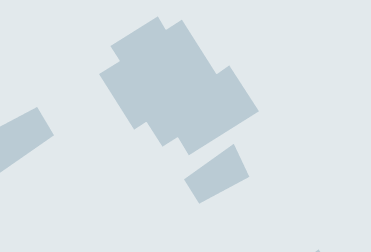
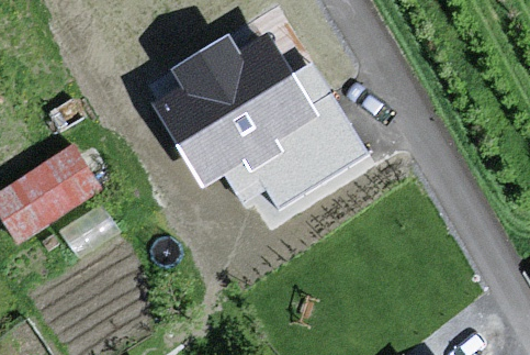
building: [183,142,251,205] -> none

